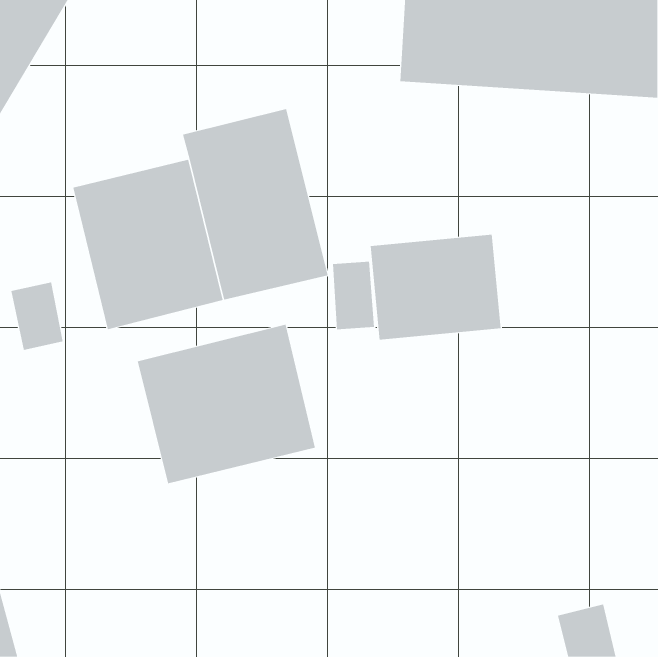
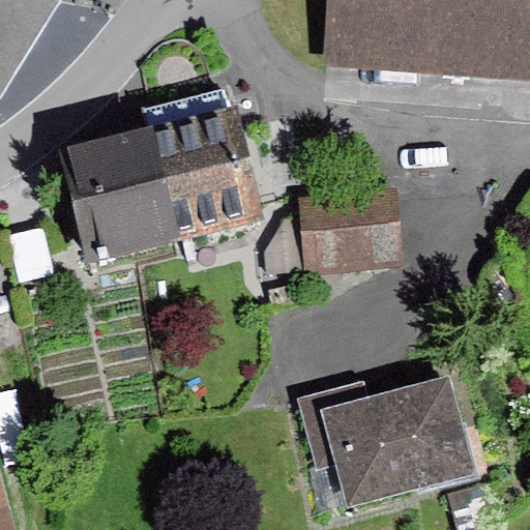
building: [137,324,315,484] -> none
building: none -> [297,375,476,508]

